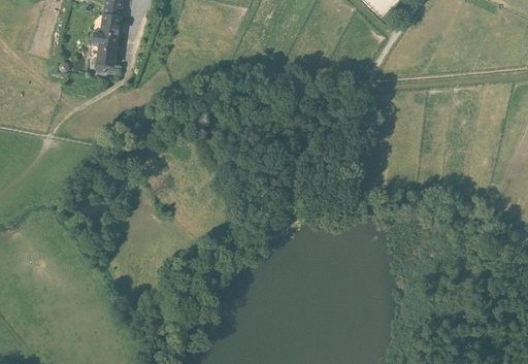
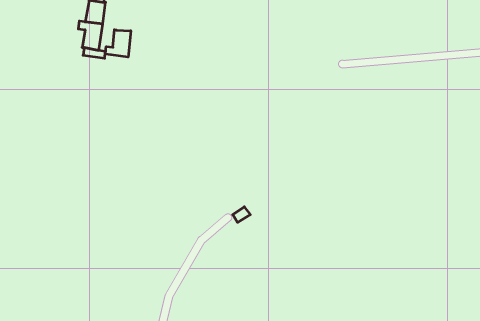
building: none -> [105,30,131,57]

